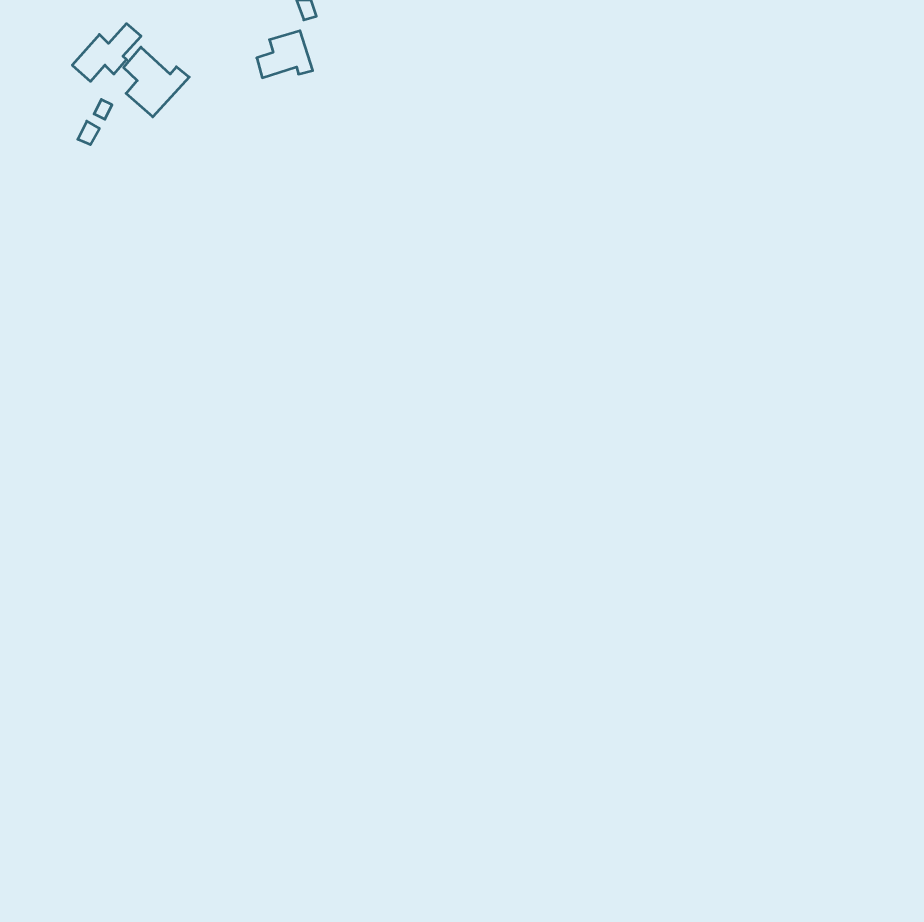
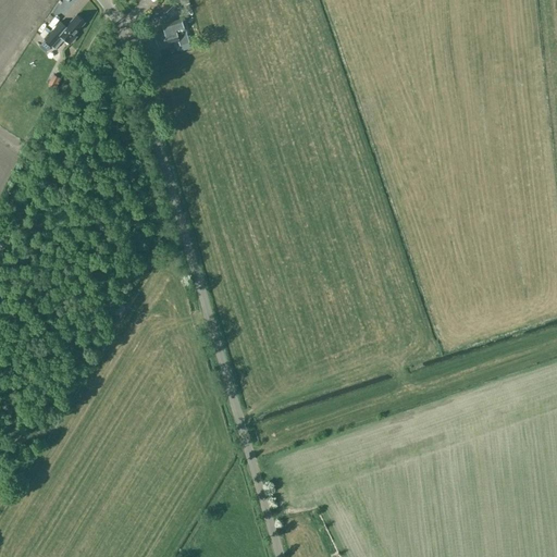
building: [124,47,189,117] -> none

